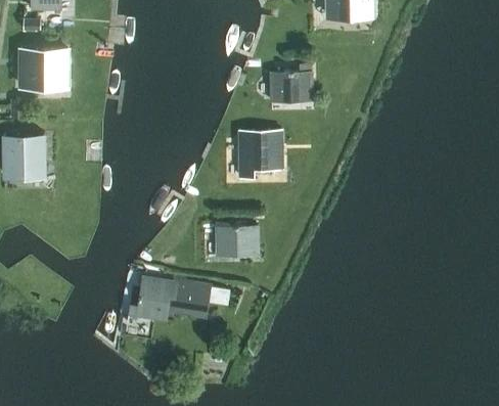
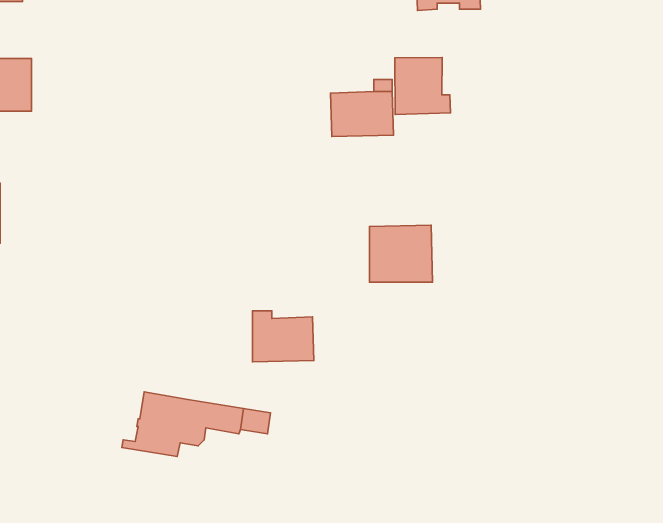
building: none -> [395,58,450,115]
building: [238,131,281,170] -> [369,225,433,282]

